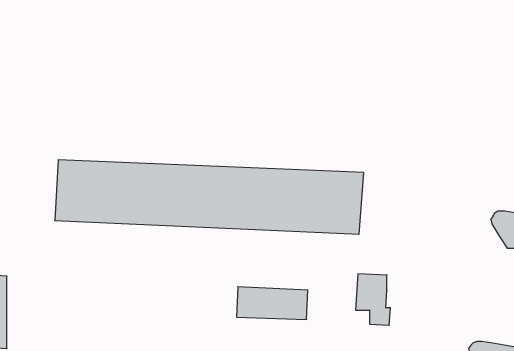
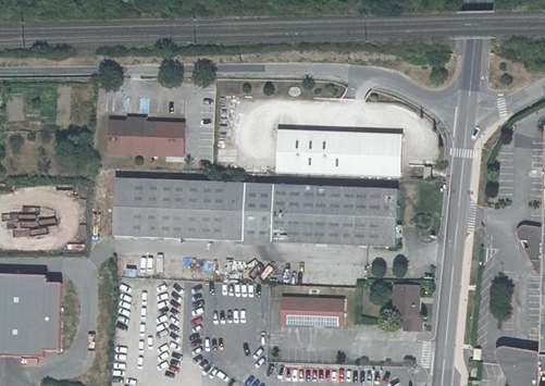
building: none -> [106,115,186,155]
building: none -> [274,128,401,175]

